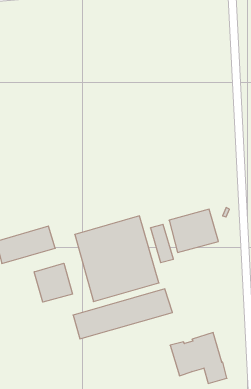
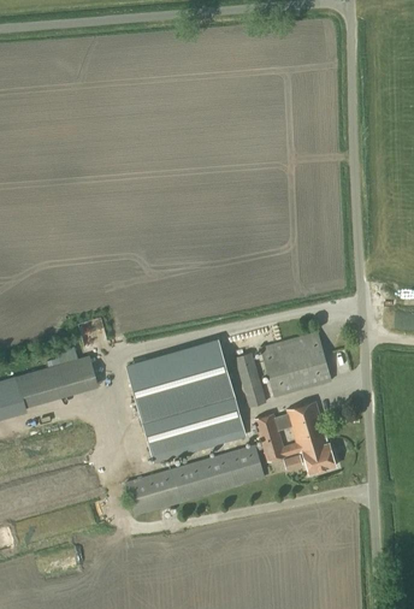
building: [34,263,73,302] -> none
building: [170,333,227,383] -> [254,401,335,473]

